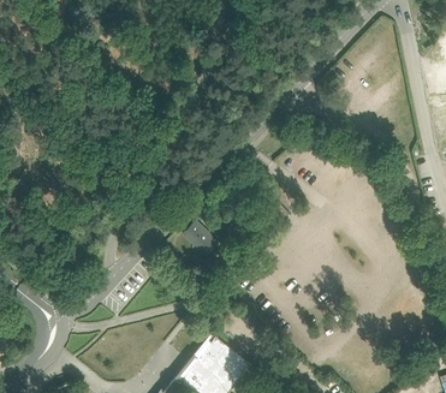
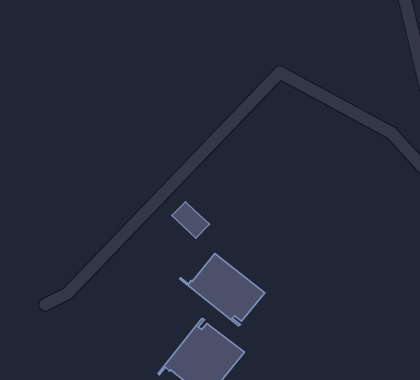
building: none -> [180,254,265,326]

